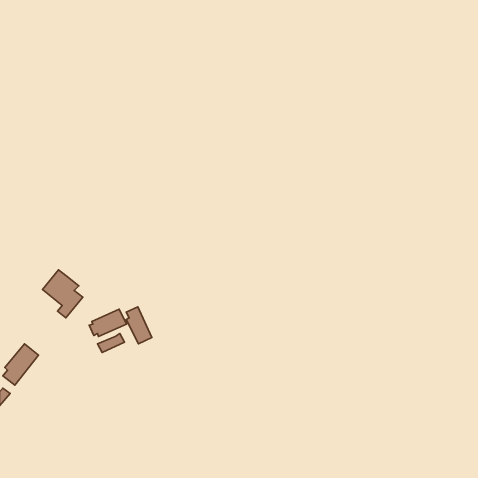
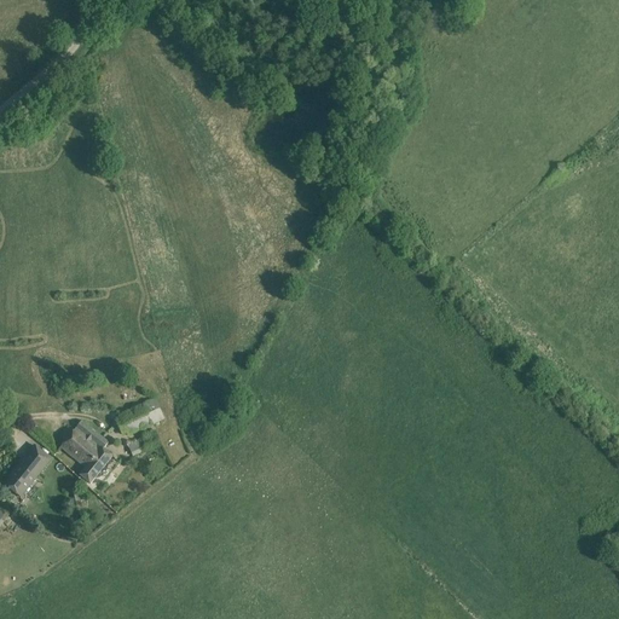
building: [42,270,83,318] -> [59,421,111,482]
building: [126,307,152,344] -> none

